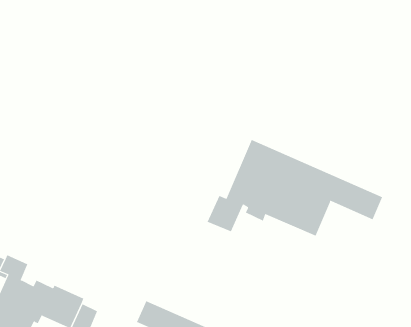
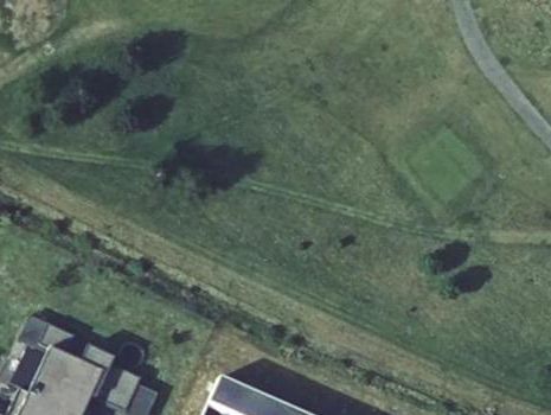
building: [207,139,383,236] -> none

